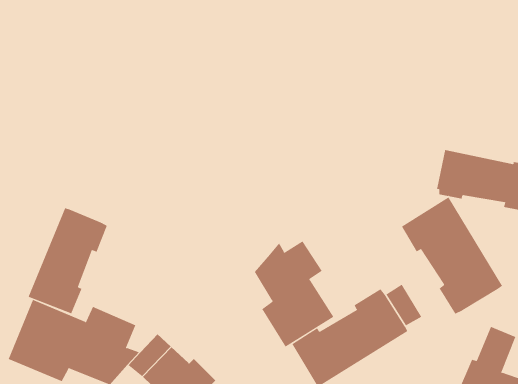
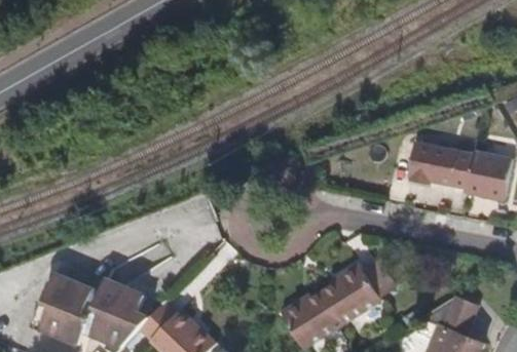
building: [401,196,503,314] -> none
building: [28,207,107,314] -> none
building: [254,241,334,347] -> none

